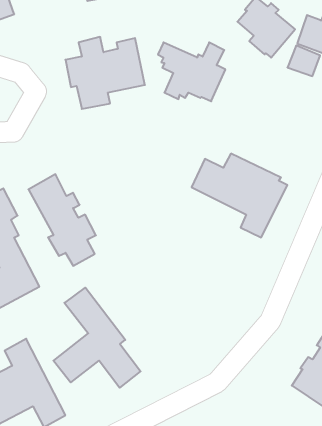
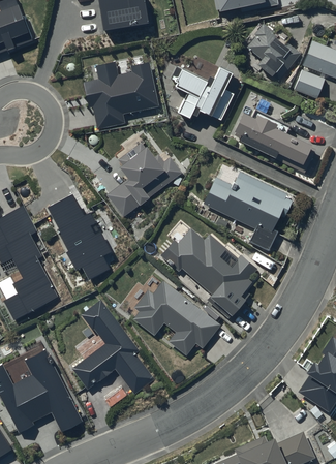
building: none -> [234,113,316,174]
building: none -> [106,143,182,217]
building: none -> [160,228,257,317]
building: none -> [133,280,220,355]

